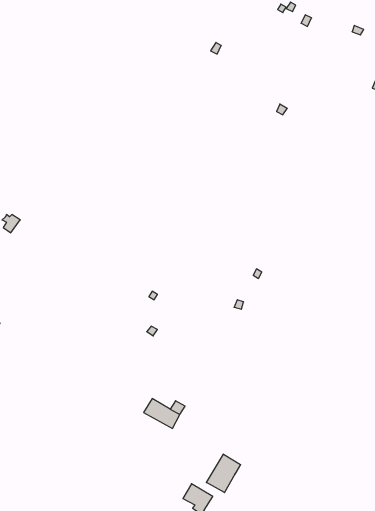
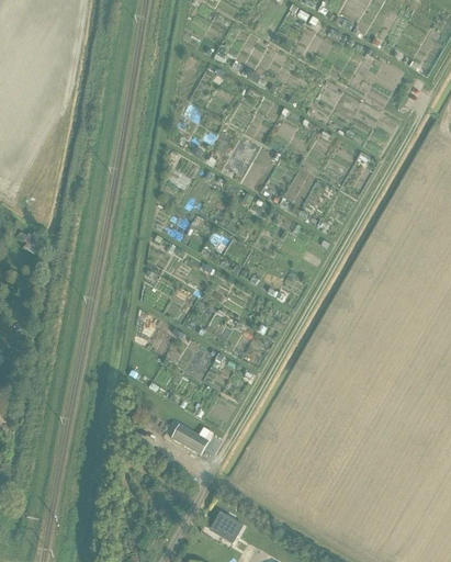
building: [206,454,241,493] -> none

